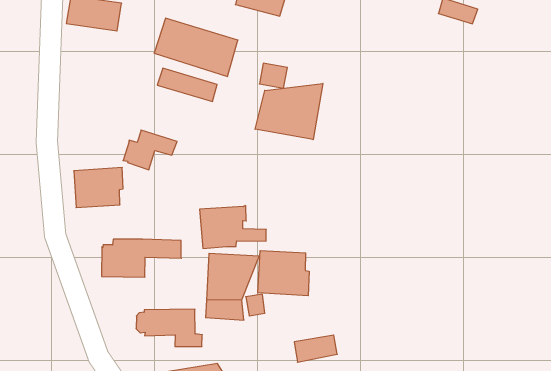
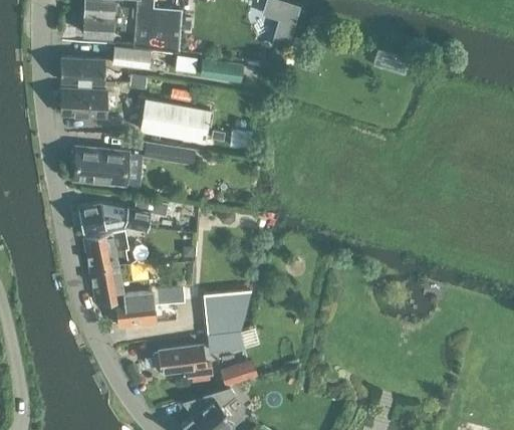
building: none -> [71,149,128,186]
building: [255,83,323,140] -> none
building: none -> [77,203,127,234]
building: [200,206,266,248] -> [89,263,150,304]
building: [258,251,309,296] -> none
building: [294,335,337,362] -> [223,358,261,385]

